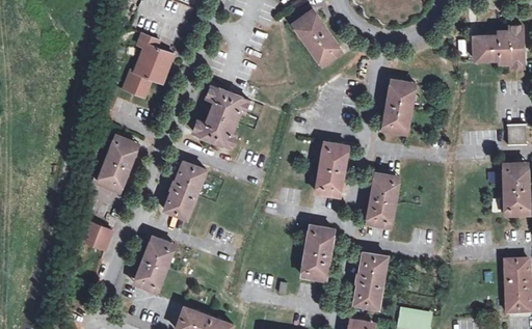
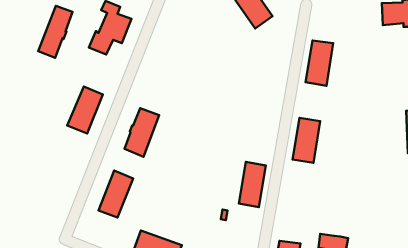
building: none -> [38,6,73,58]
building: [192,85,248,146] -> none
building: [315,141,347,195] -> none
building: [80,220,112,248] -> none
building: [354,251,387,306] -> none

